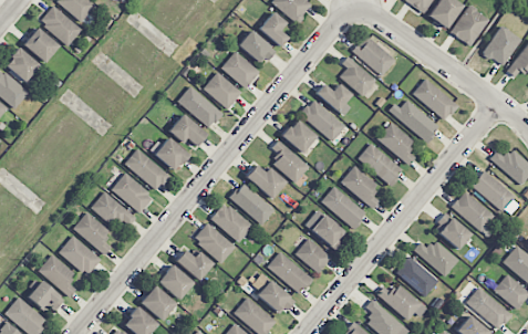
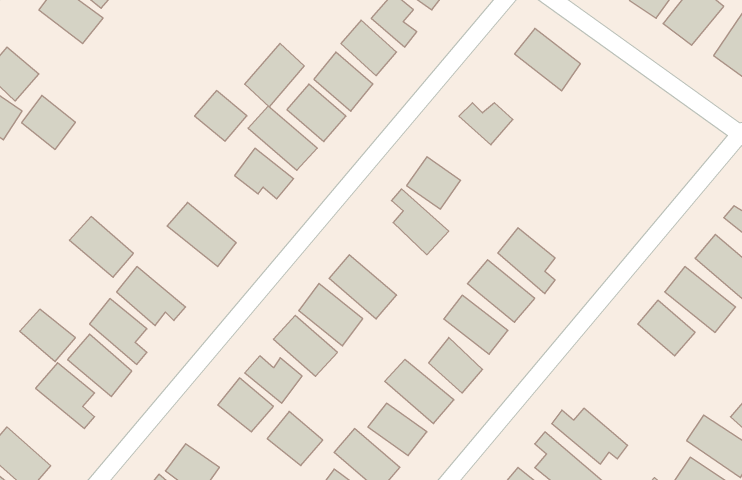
building: [23,27,59,62] -> [22,95,75,149]
building: none -> [245,43,304,107]
building: [340,55,375,95] -> none
building: [413,77,457,121] -> none
building: [391,96,438,142] -> none
building: [300,98,345,140] -> none
building: [377,122,416,165] -> none
building: [154,137,188,170] -> [195,91,247,141]
building: [358,143,402,185] -> none
building: [246,164,286,198] -> none
building: [111,173,153,212] -> [69,217,133,277]
building: [413,240,459,275] -> none
building: [395,254,439,295] -> none
building: [28,280,64,314] -> [20,309,75,362]
building: [139,284,176,320] -> [267,411,323,466]

